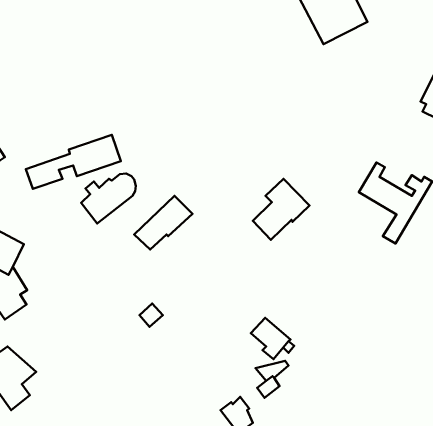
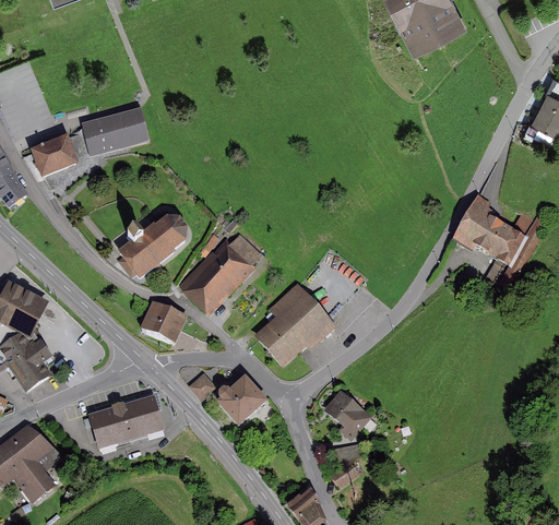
building: [26,135,121,189] -> [31,107,146,172]
building: [253,179,310,240] -> [257,286,325,360]
building: none -> [140,301,188,345]
building: none -> [214,381,262,427]
building: none -> [88,395,163,448]

